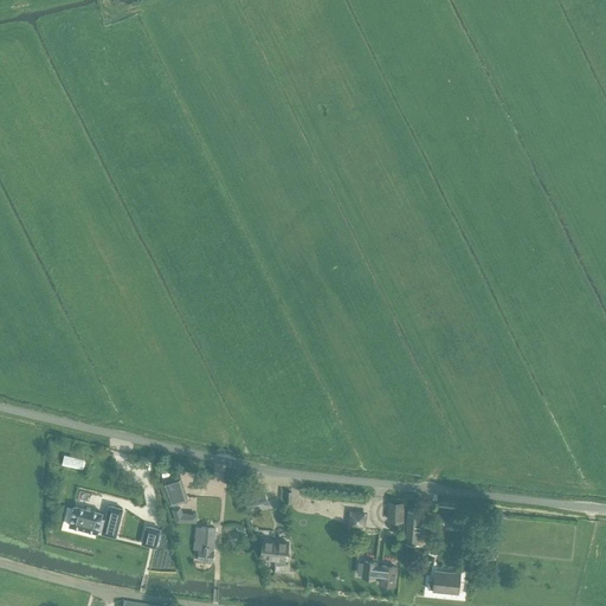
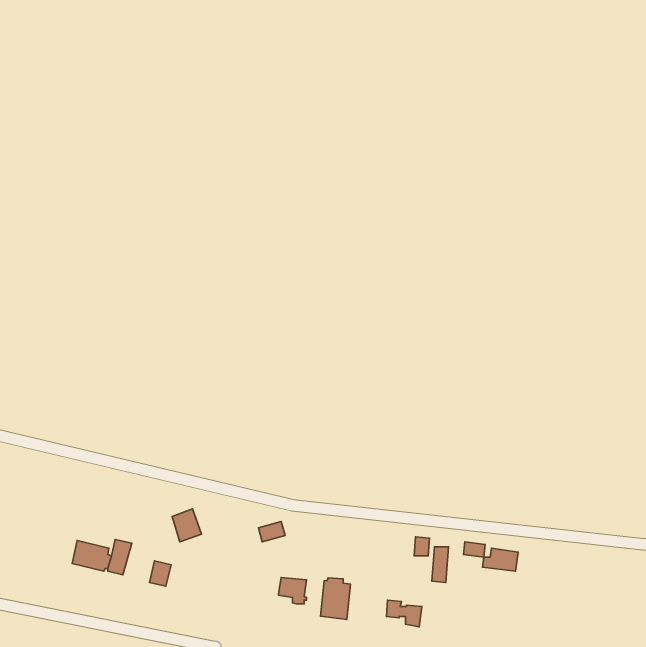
building: [193,527,214,561] -> none
building: none -> [321,578,350,619]
building: [425,572,458,593] -> [483,548,518,571]

